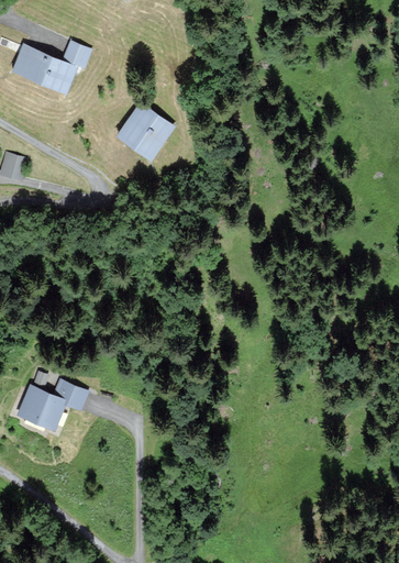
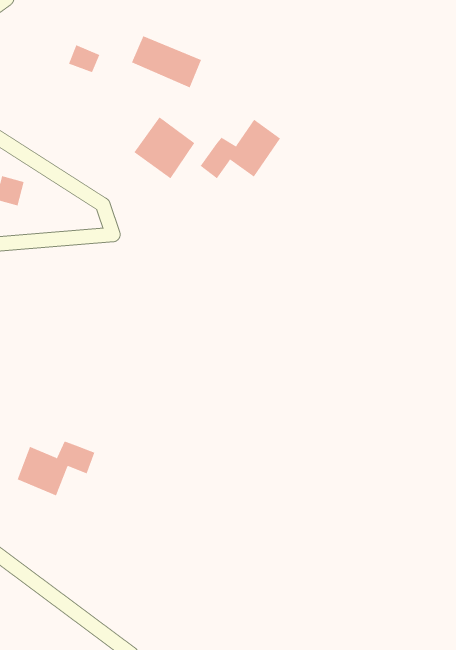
building: [13,46,74,91] -> [131,36,202,88]
building: none -> [200,119,281,179]

